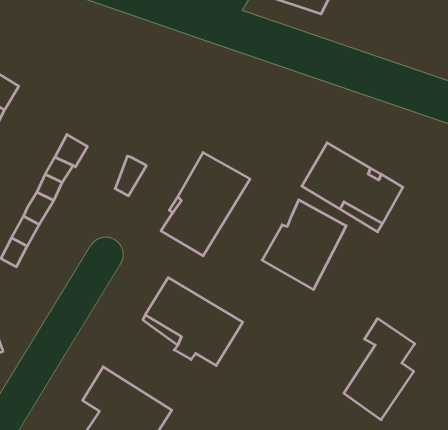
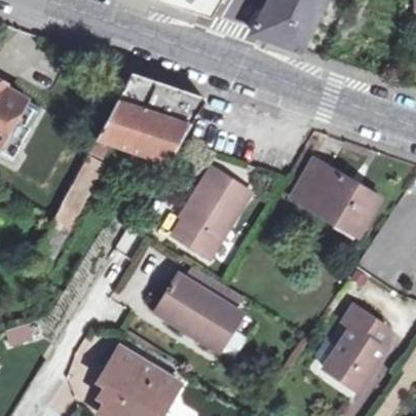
building: none -> [98,73,204,161]
building: [262,200,346,290] -> none

